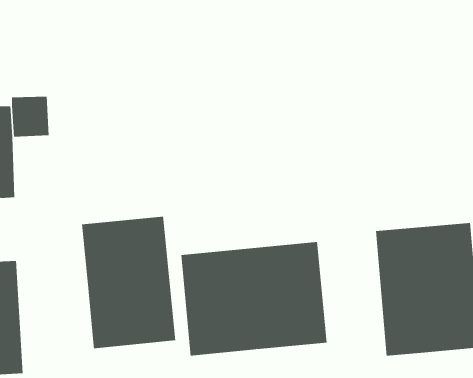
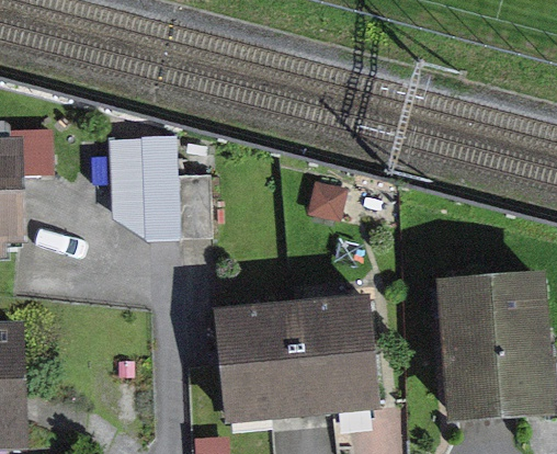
building: none -> [113,136,220,238]
building: [81,216,176,349] -> none

